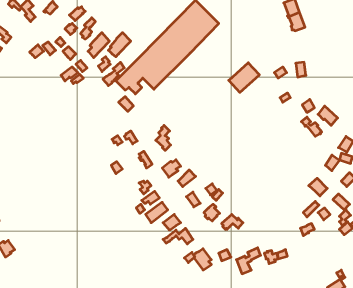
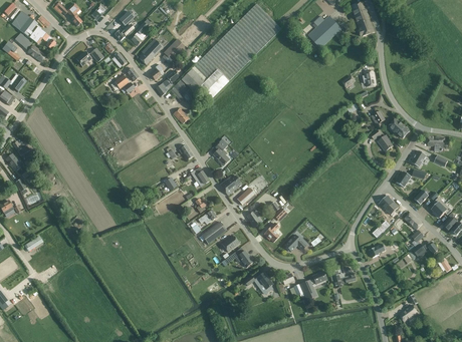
building: [229,63,259,92] -> [307,16,340,48]

